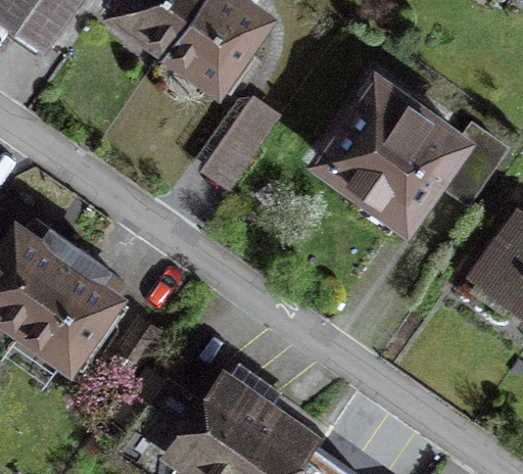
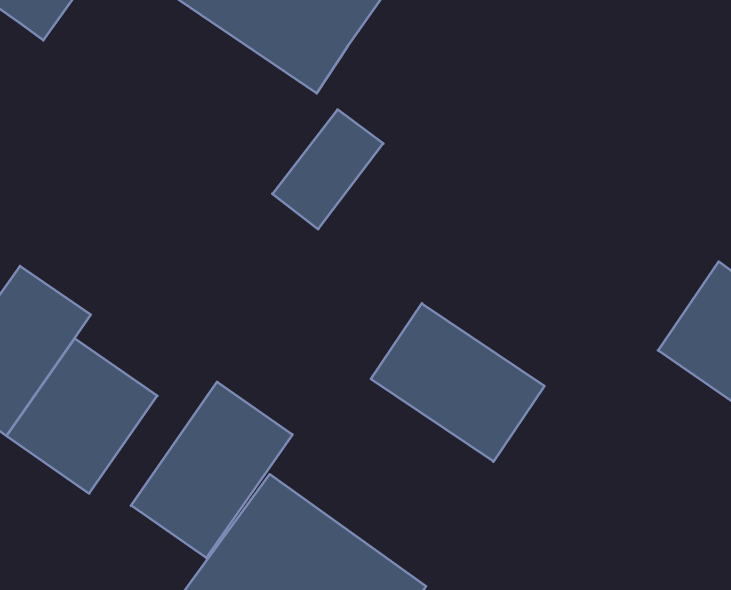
building: [303,68,476,238] -> none
building: none -> [371,303,544,462]
building: none -> [131,382,292,558]

